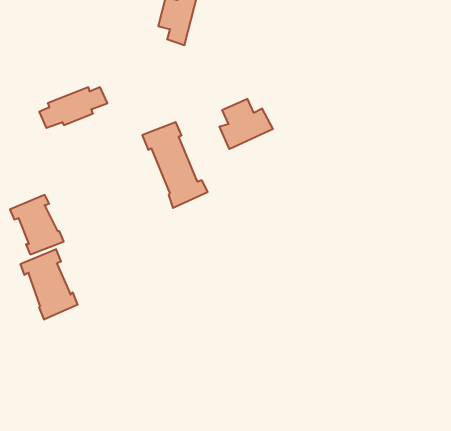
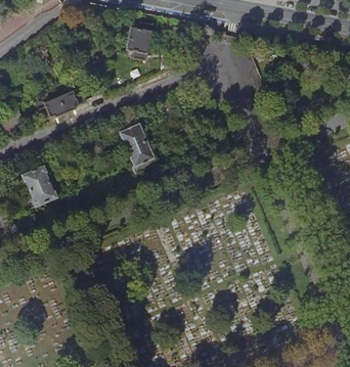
building: [220,99,273,149] -> none
building: [21,249,78,320] -> none

